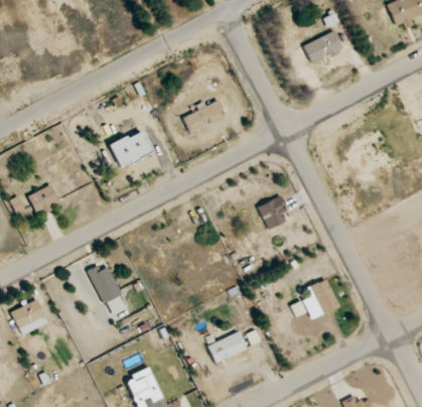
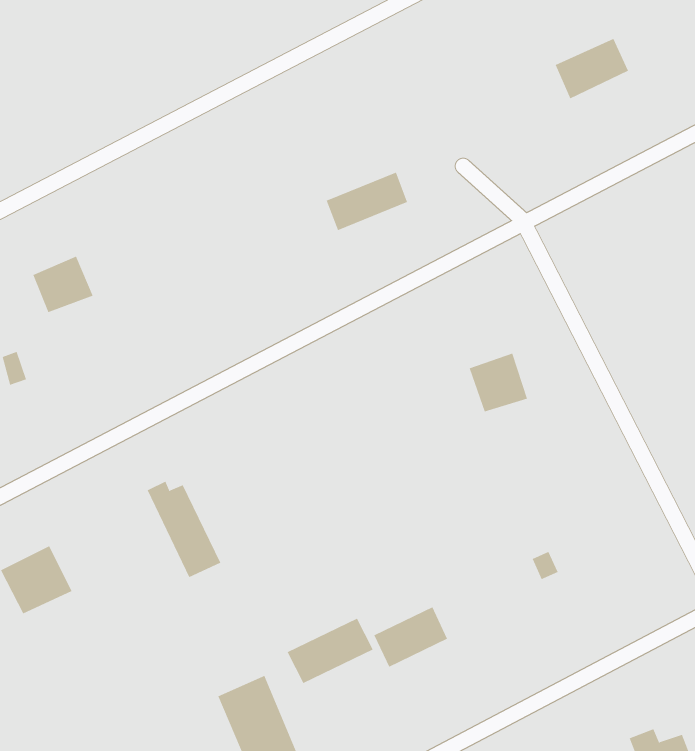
building: [110,129,152,166] -> none
building: [28,184,60,215] -> [33,256,94,313]
building: [300,278,339,318] -> none
building: none -> [287,618,373,684]

